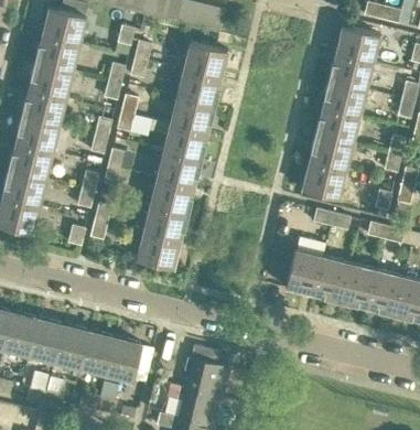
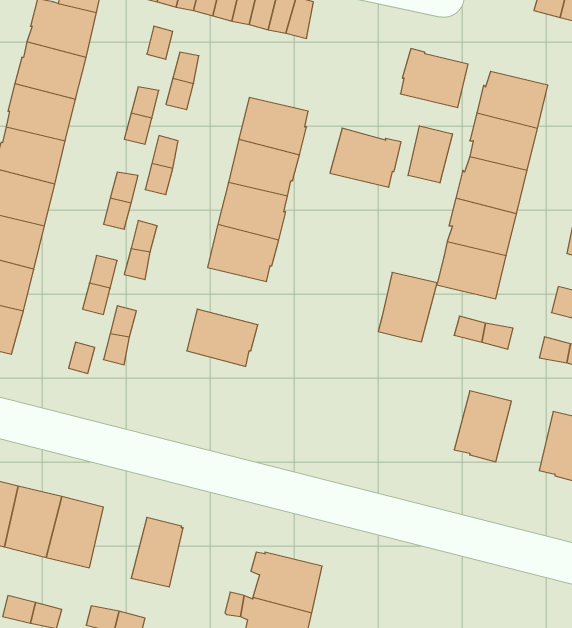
building: [335,24,378,62] -> [400,49,468,108]
building: [182,41,227,78] -> [330,128,401,187]
building: none -> [408,126,452,183]
building: [149,178,193,214] -> none
building: [136,230,180,269] -> none
building: [284,249,322,293] -> [378,272,437,342]
building: [338,262,375,307] -> none
building: [80,330,117,375] -> none

